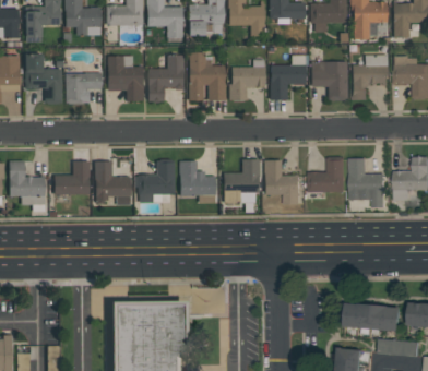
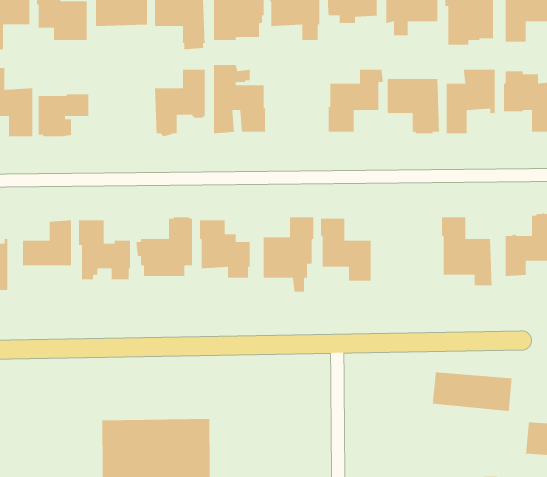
building: [107,56,144,100] -> none
building: [229,59,265,99] -> none
building: [309,157,346,193] -> none
building: [345,303,402,332] -> [432,371,513,412]

